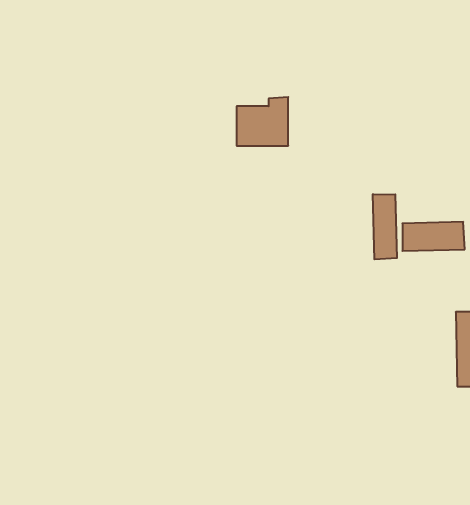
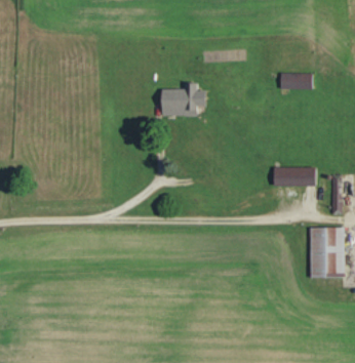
building: none -> [280,72,312,88]
building: [373,194,397,259] -> none

